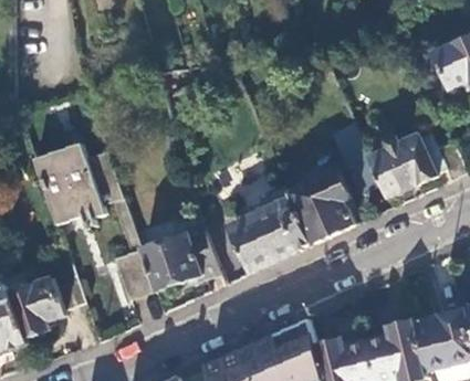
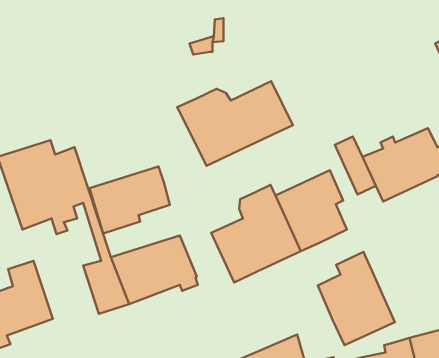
building: none -> [177,81,293,166]
building: none -> [89,166,170,233]
building: none -> [318,252,395,345]

